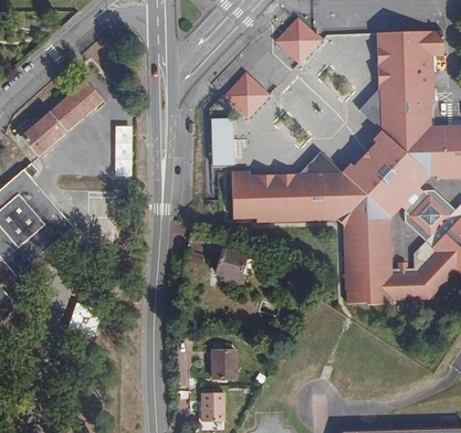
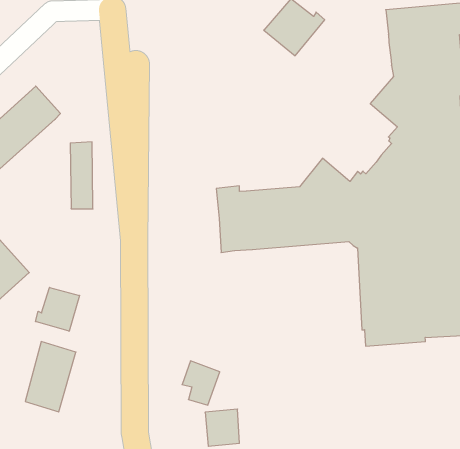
building: [223,73,266,116] -> none
building: [210,117,233,165] -> none
building: none -> [36,287,80,331]
building: [214,251,245,287] -> [182,361,220,405]

